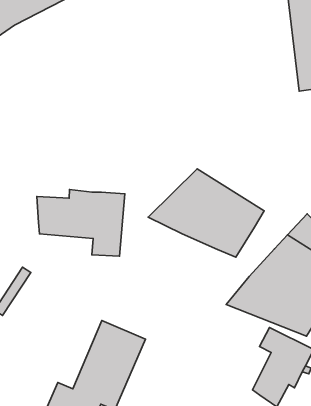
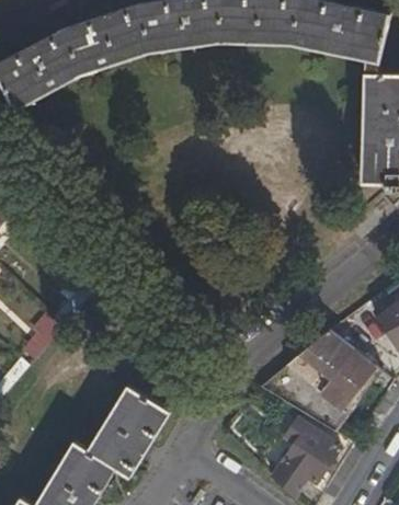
building: [148,169,264,257] -> none
building: [37,190,125,256] -> none

